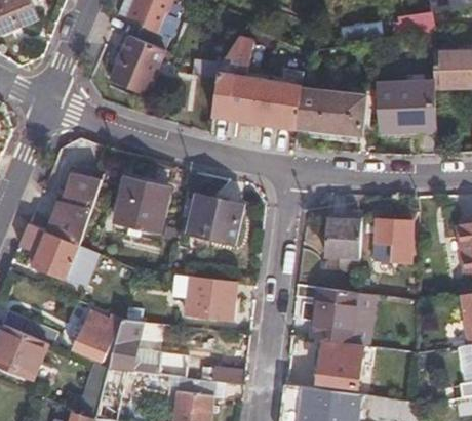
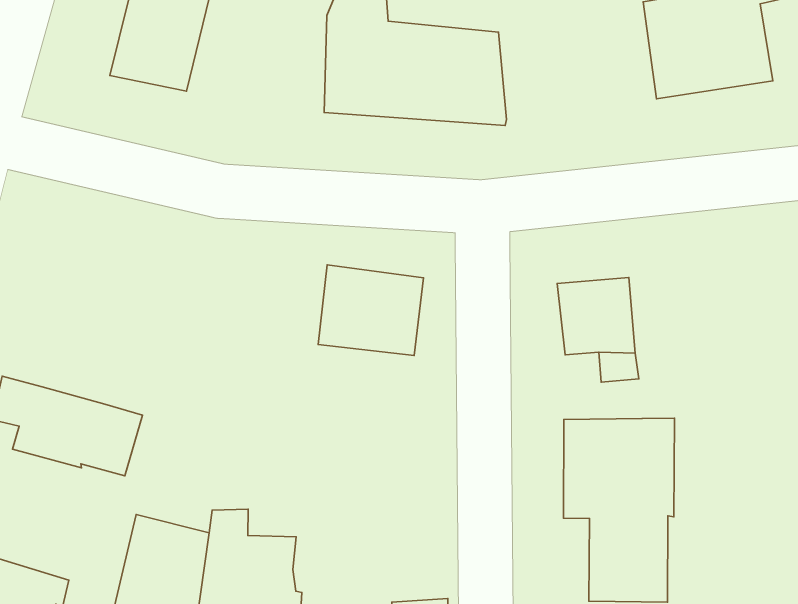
building: [306,86,371,138] -> none
building: [110,170,181,235] -> none
building: [50,171,104,248] -> none
building: [368,218,404,260] -> none
building: [190,277,241,319] -> none

